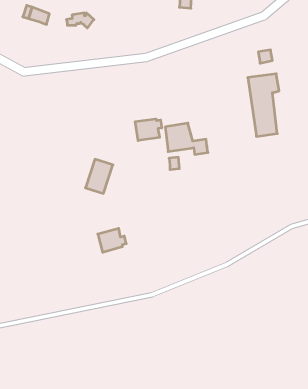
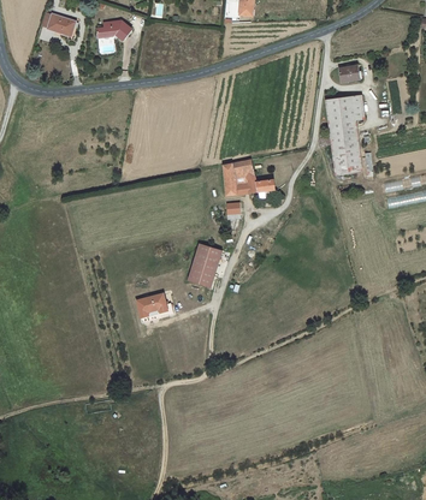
building: [135,119,162,141] -> none
building: [85,159,113,193] -> [187,243,221,286]

